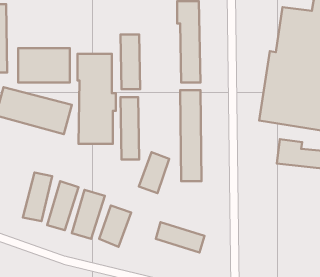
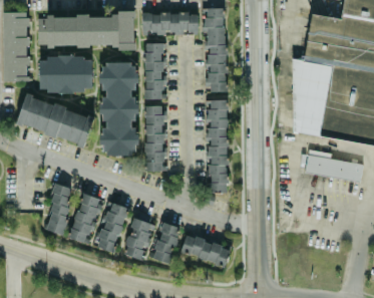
building: none -> [141,12,199,34]
building: none -> [37,13,135,47]
building: [139,152,169,193] -> [150,222,181,264]

